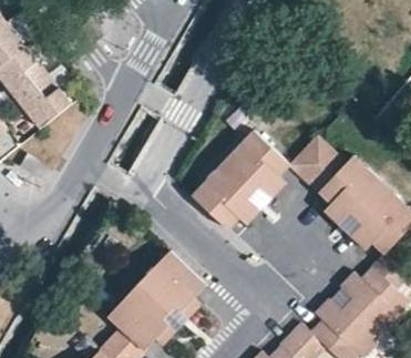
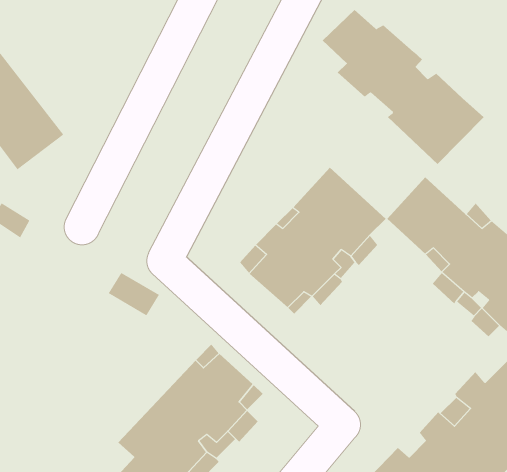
building: none -> [322,9,485,165]

